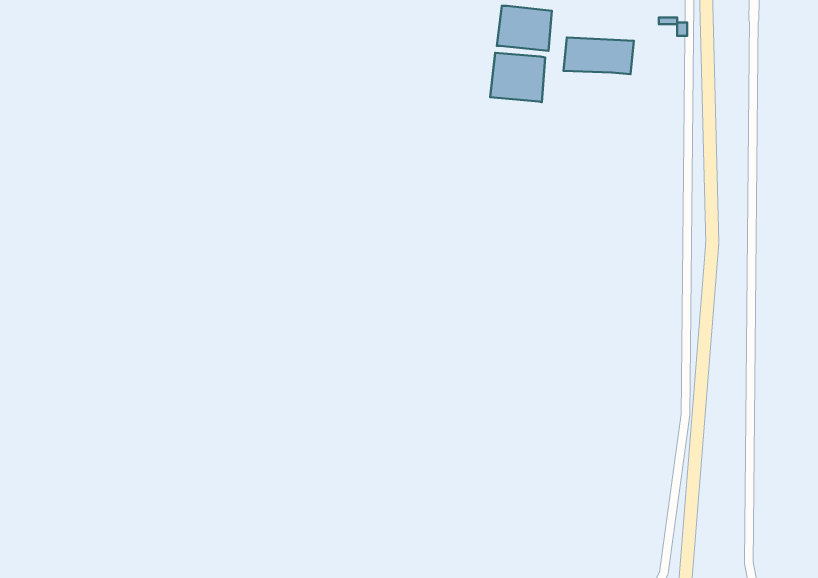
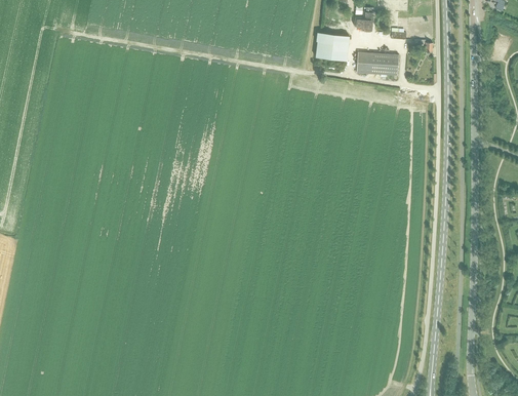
building: [490,53,545,102] -> none

